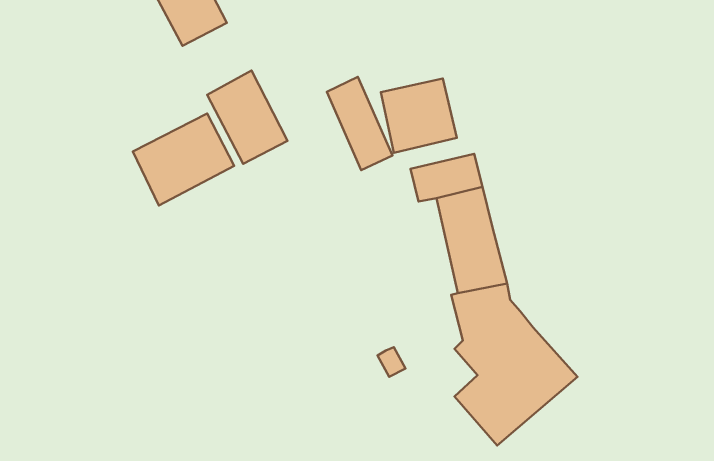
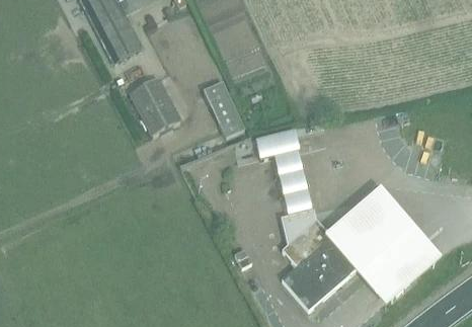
building: [381,78,457,153] -> none
building: [133,113,234,205] -> none
building: none -> [324,181,438,297]

